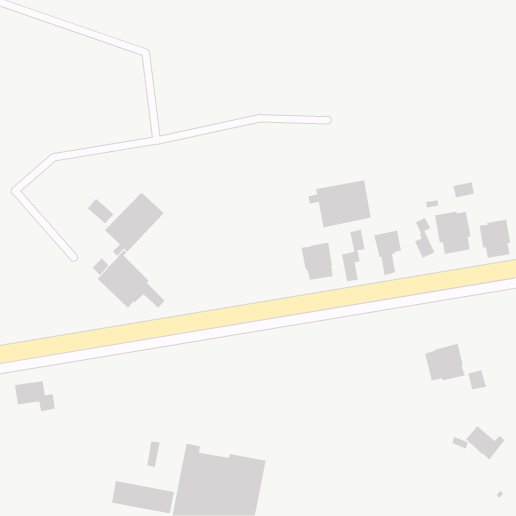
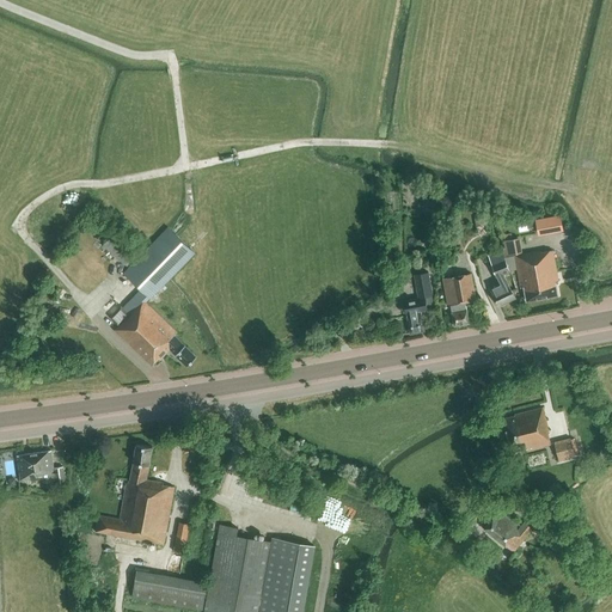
building: [308,180,371,228] -> none
building: [479,219,511,258] -> none
building: [301,242,333,281] -> none
building: none -> [96,443,175,544]
building: [465,425,506,460] -> [484,510,532,552]

